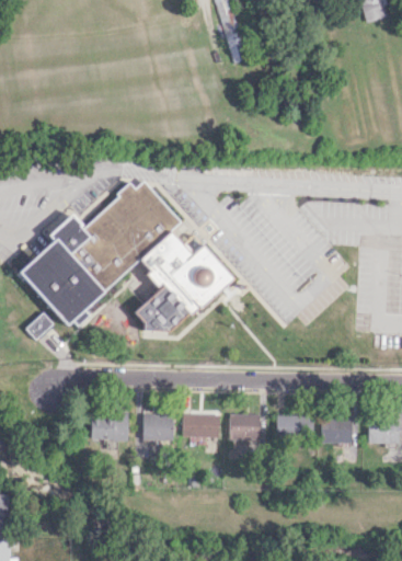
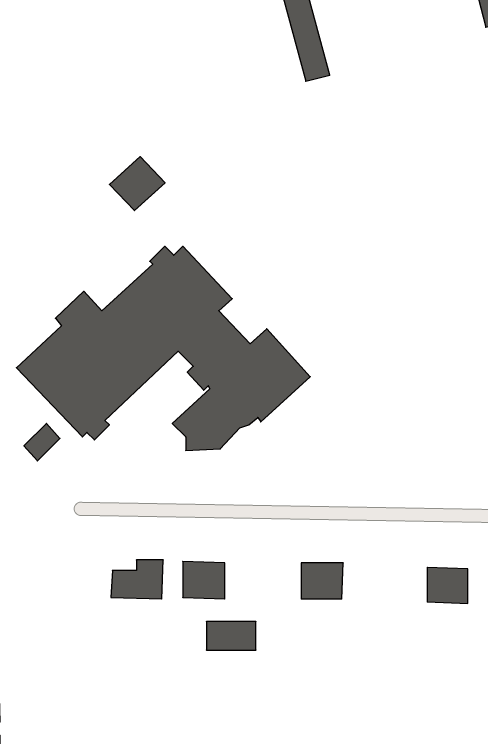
building: none -> [109,157,165,211]
building: [184,415,220,436] -> [206,622,256,650]
building: [276,415,312,437] -> none

